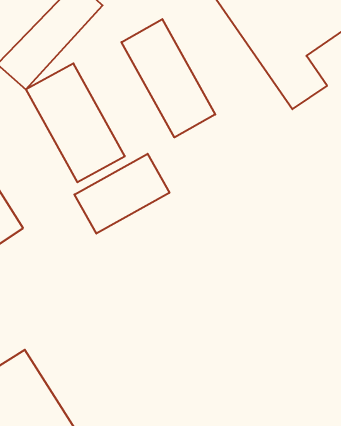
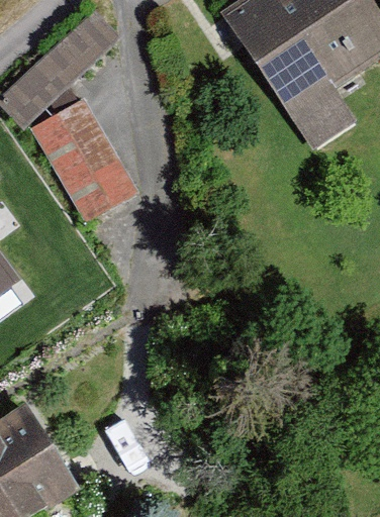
building: [121,19,215,137] -> none
building: [74,154,169,234] -> none

